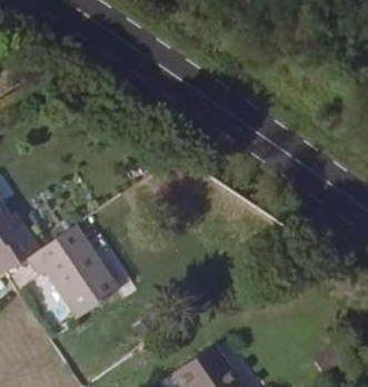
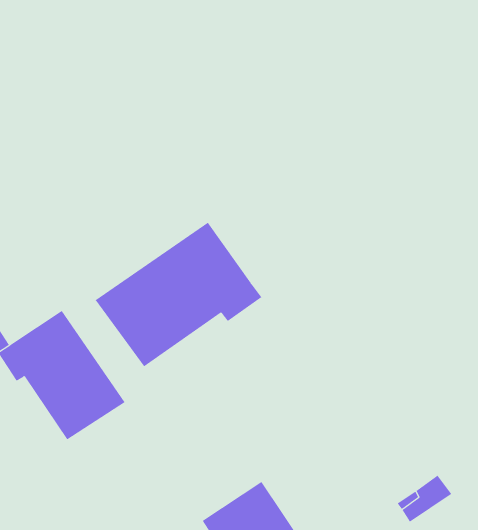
building: none -> [95,222,262,367]

